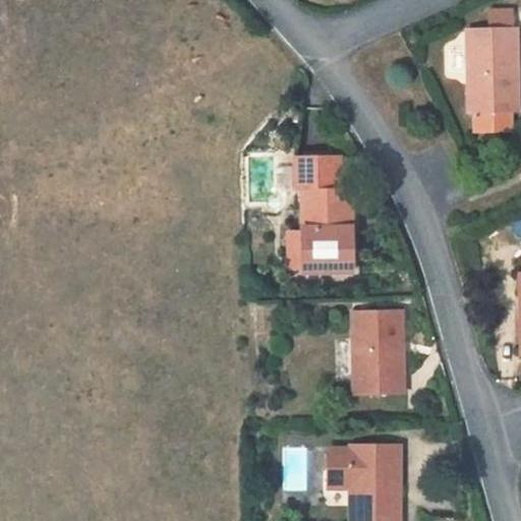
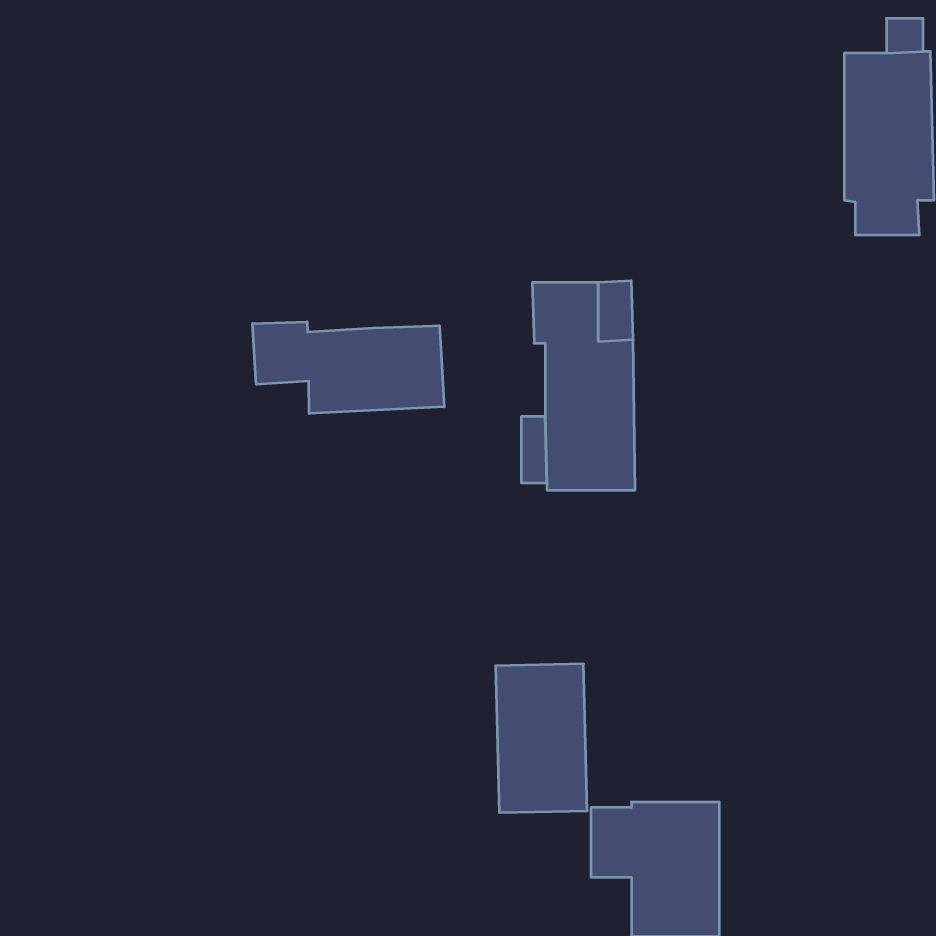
building: none -> [253,322,444,414]
building: [352,310,403,393] -> [496,664,587,813]

